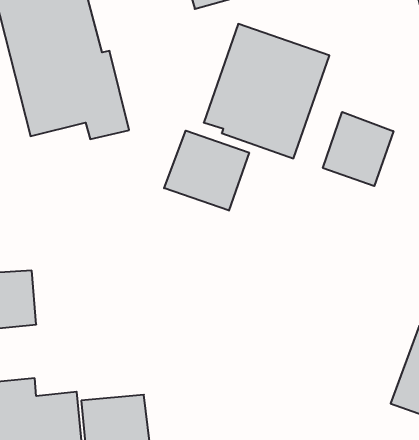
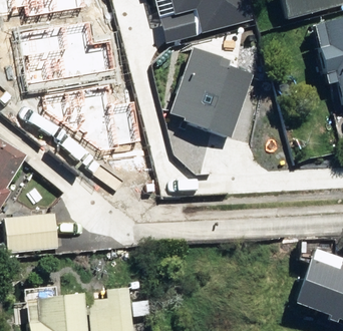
building: [323,112,393,186] -> none
building: [164,131,249,211] -> none

